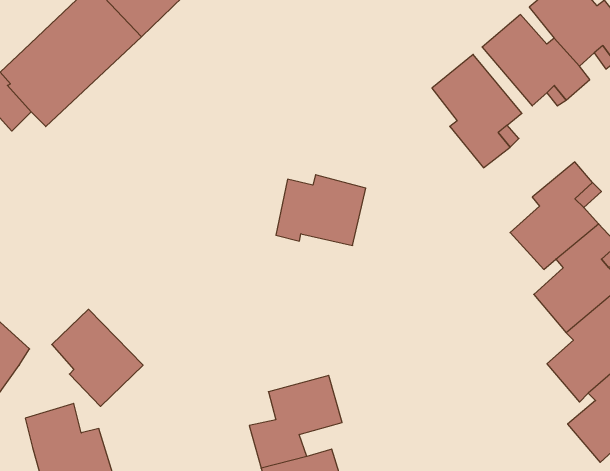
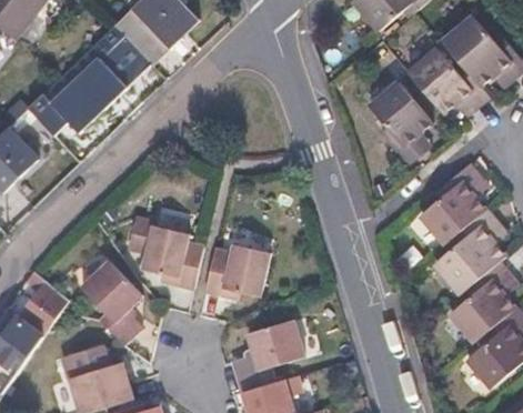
building: [276,175,366,245] -> [201,246,269,300]
building: none -> [129,226,200,289]

